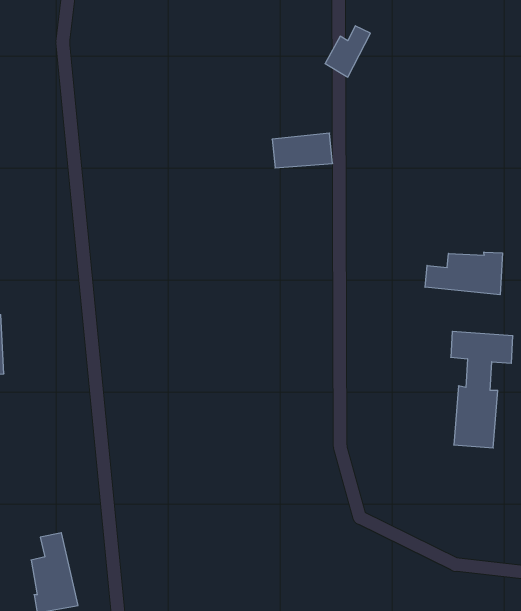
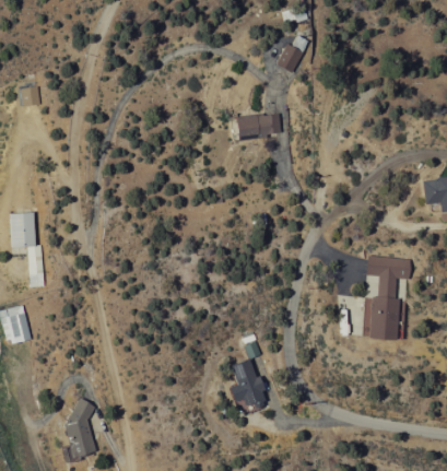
building: [425,252,502,295] -> none
building: none -> [231,360,267,409]

